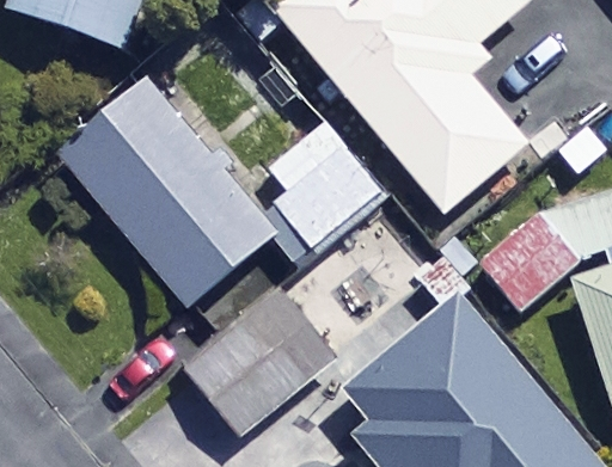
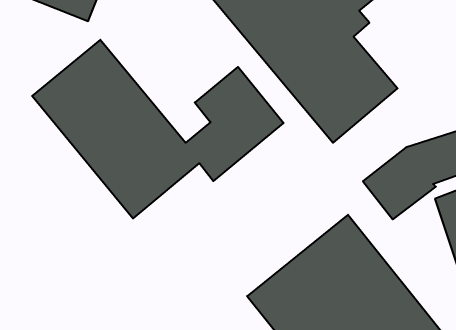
building: [184,287,339,436] -> none

